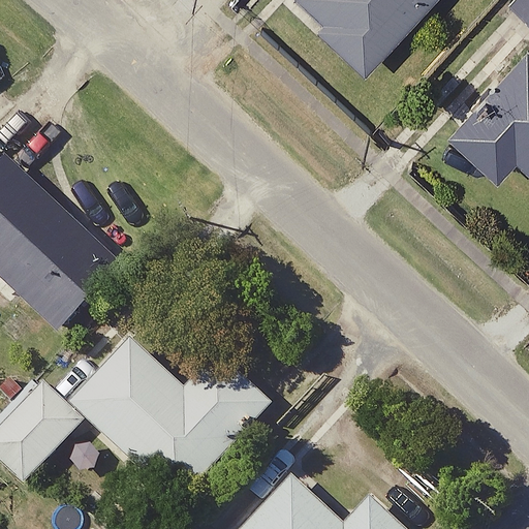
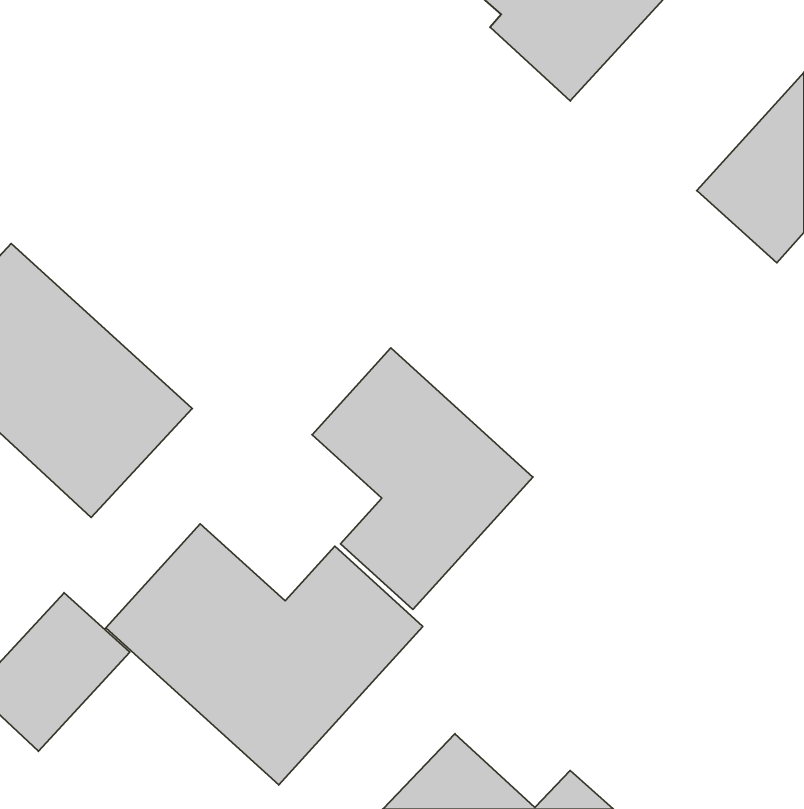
building: none -> [312,348,533,609]

